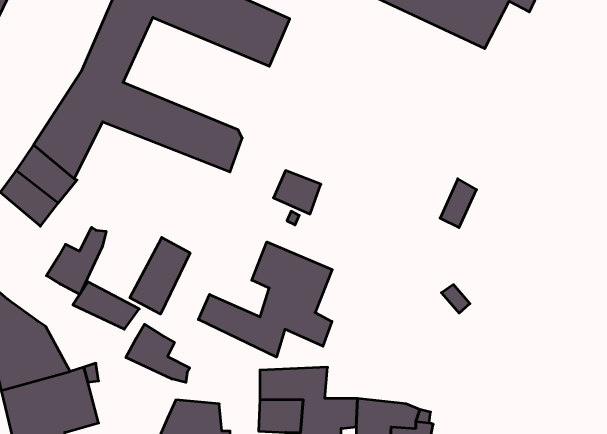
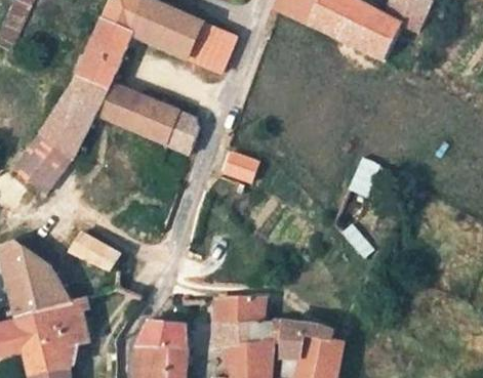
building: [46,227,106,294] -> none
building: [130,237,190,314] -> none
building: [198,242,332,357] -> none
building: [126,324,190,382] -> none

